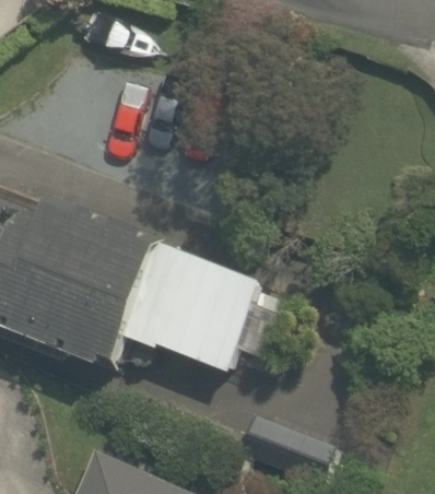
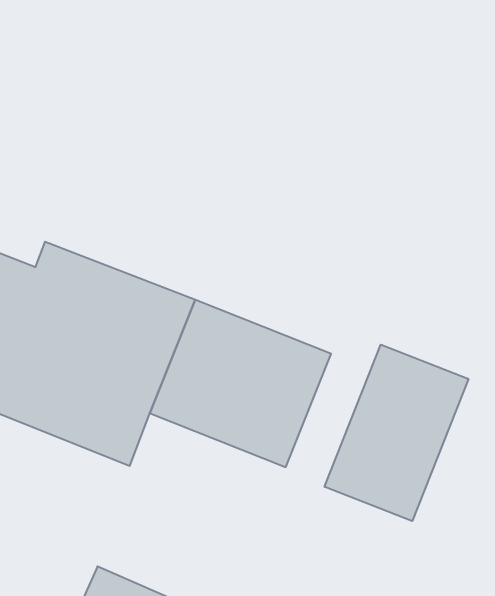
building: none -> [325,345,468,521]

